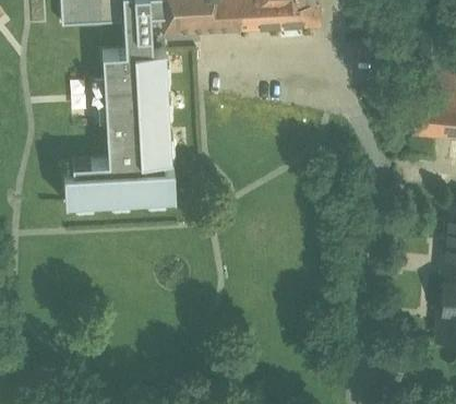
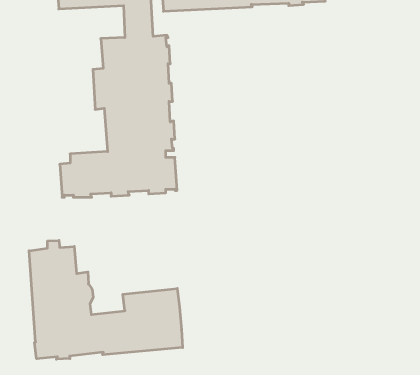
building: none -> [29,240,183,359]

